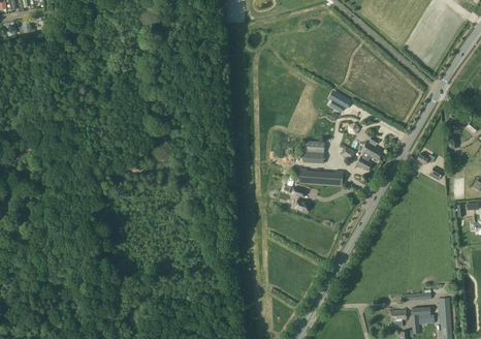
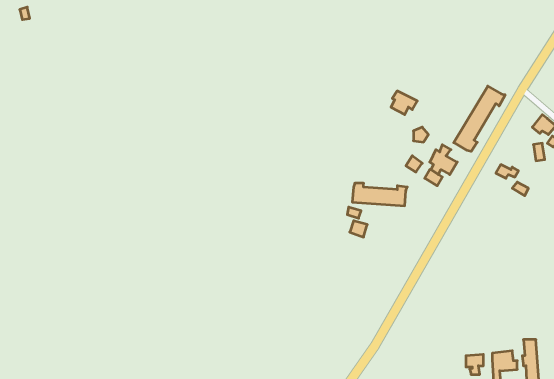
building: none -> [454,86,505,151]
building: [303,140,325,162] -> none

